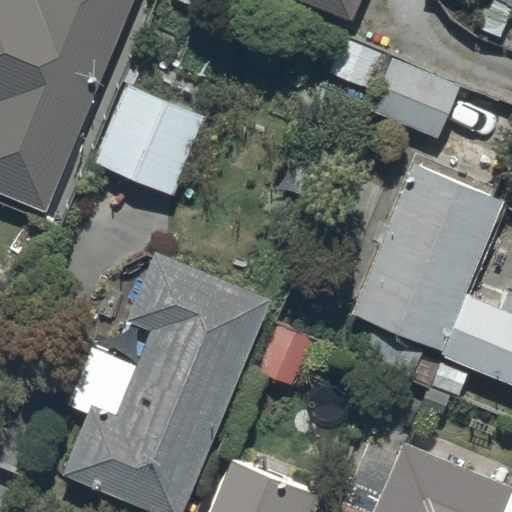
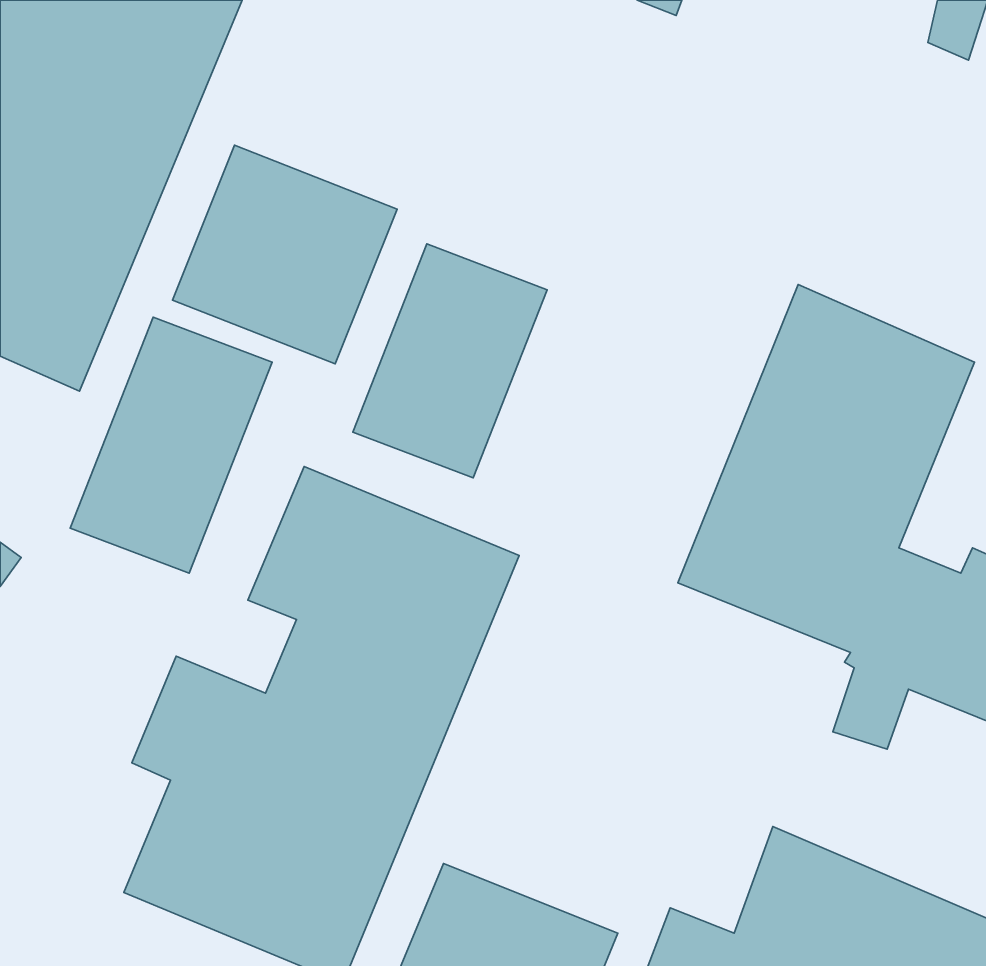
building: [332,41,460,141] -> none
building: none -> [353,244,547,478]
building: none -> [70,317,272,573]

